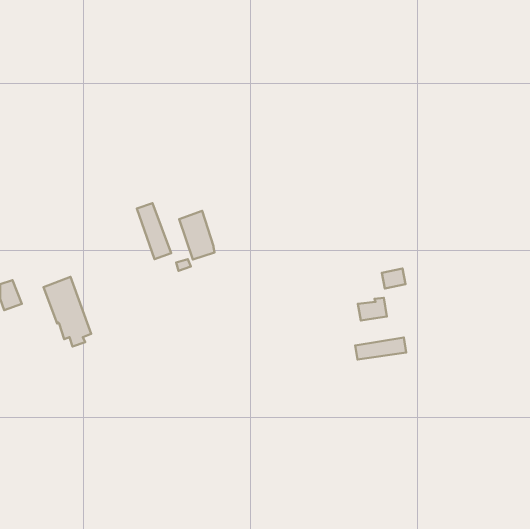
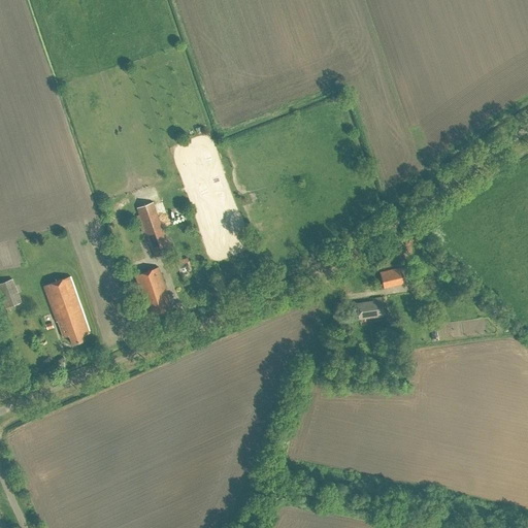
building: [179,211,215,260] -> [136,268,171,317]
building: [355,337,406,360] -> none

